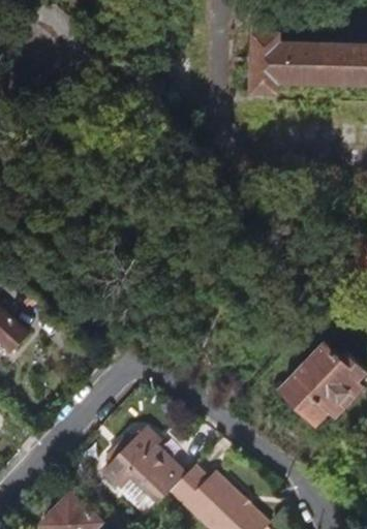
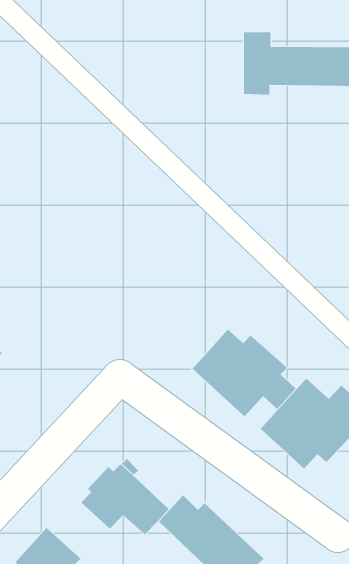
building: none -> [192,329,297,417]

